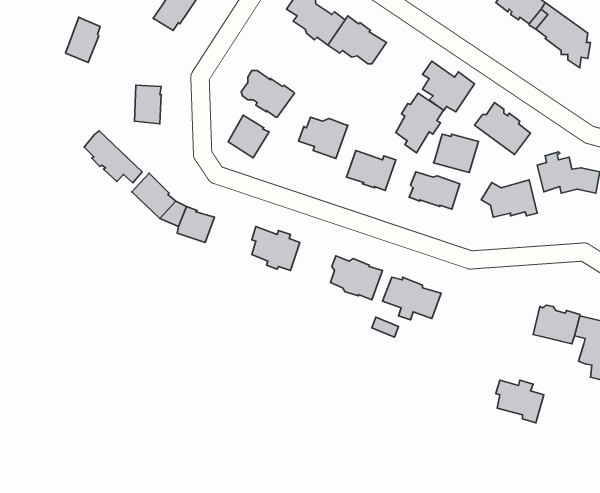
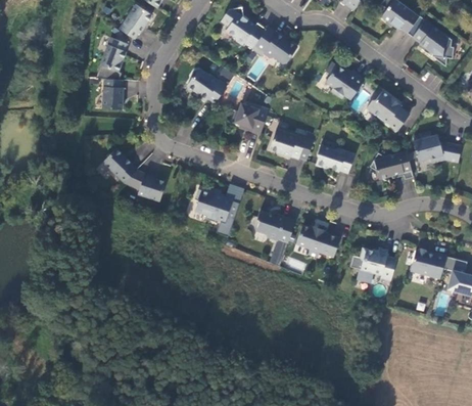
building: [65,17,100,63] -> [102,37,129,72]
building: [396,93,443,153] -> none
building: [228,115,269,158] -> none
building: [84,131,142,183] -> none
building: [433,134,478,173] -> none
building: [496,380,544,423] -> [360,246,396,279]

